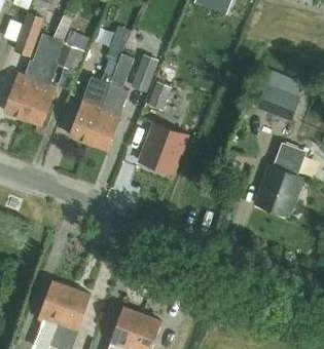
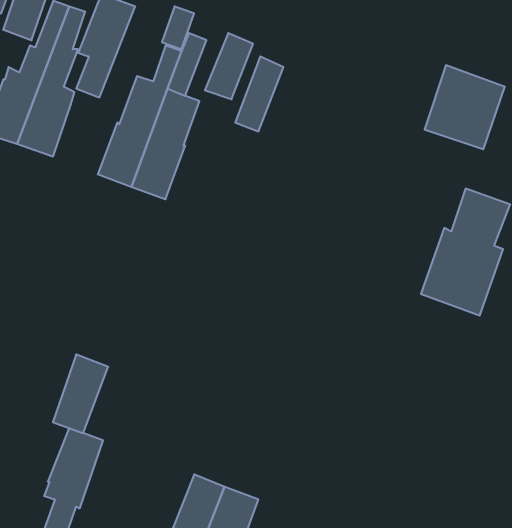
building: [140,122,186,173] -> none
building: [59,287,91,333] -> [53,354,108,433]

